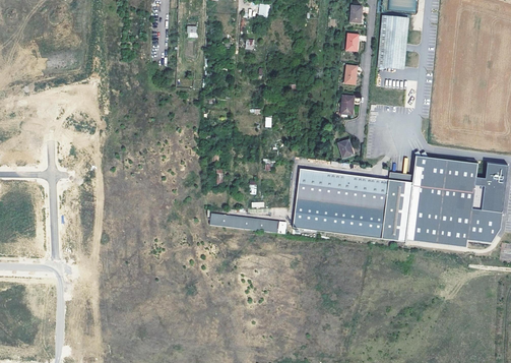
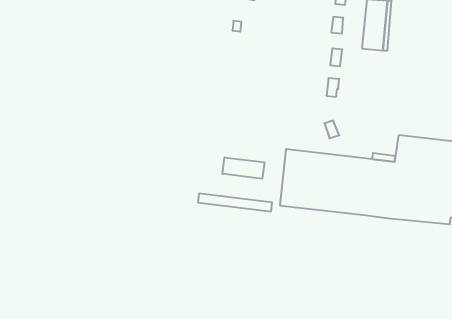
building: none -> [222,157,264,179]

